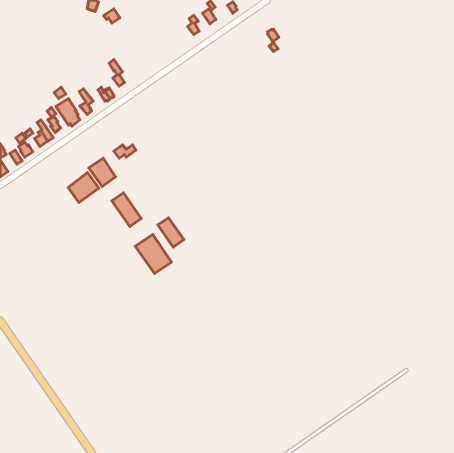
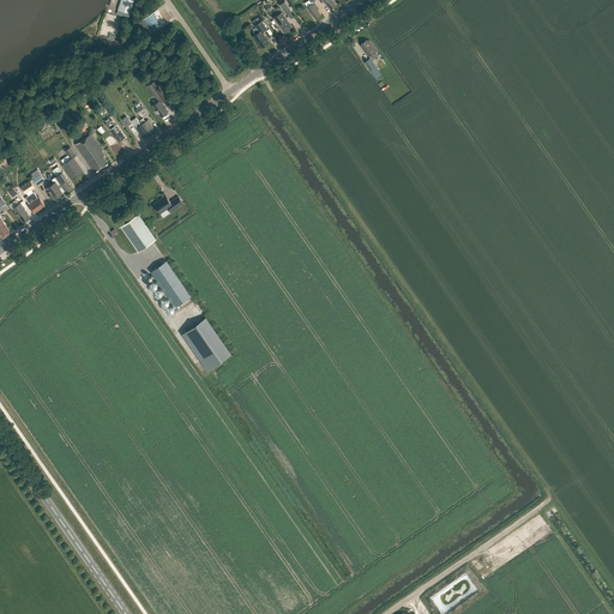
building: [68,173,99,203] -> none
building: [158,218,184,247] -> none

